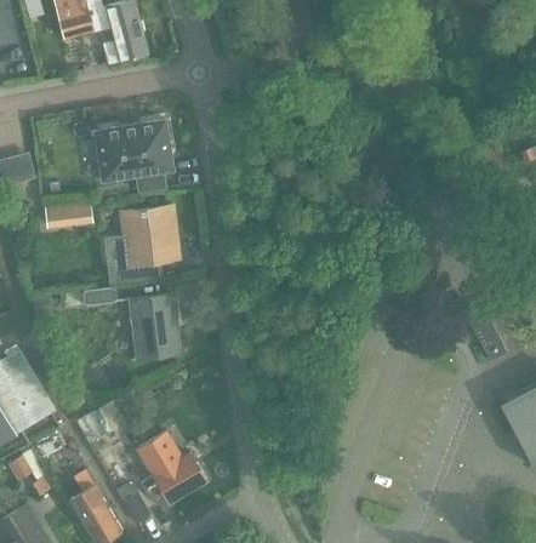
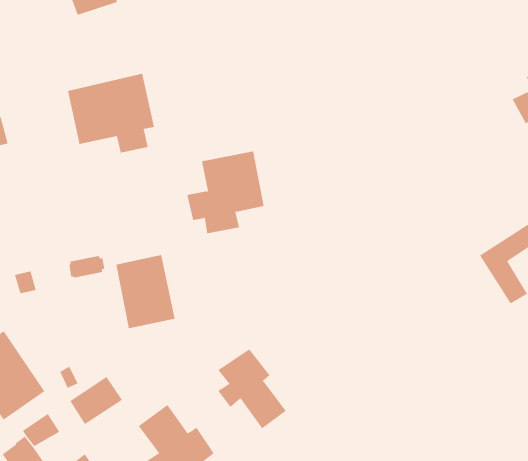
building: [47,202,93,225] -> none
building: [106,206,177,280] -> [187,151,264,234]
building: none -> [217,348,286,429]

